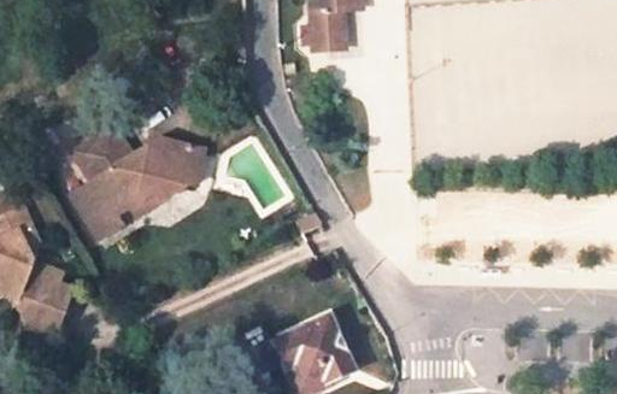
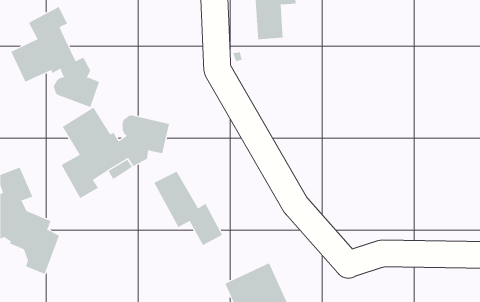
building: none -> [11,6,100,108]
building: none -> [154,171,223,246]

